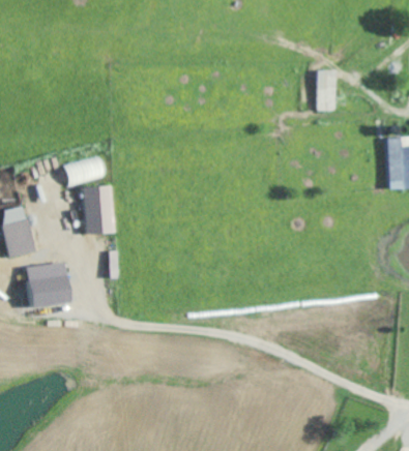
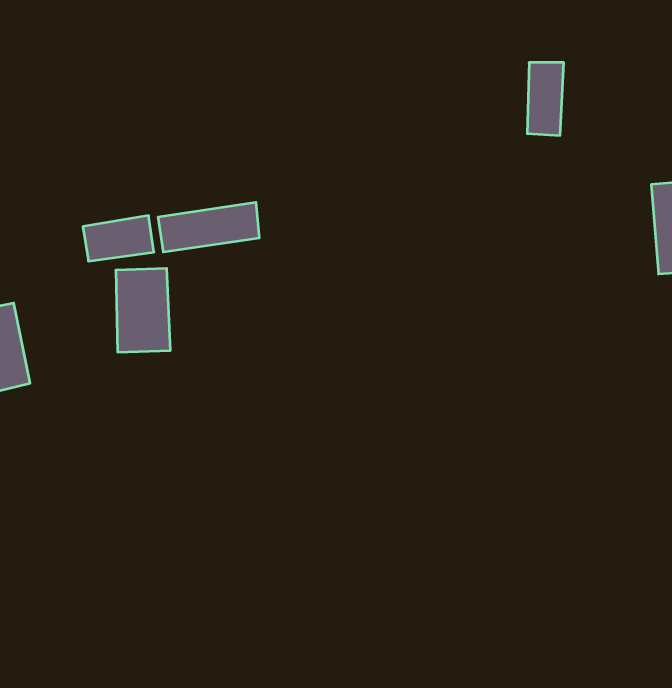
building: none -> [158,202,259,252]
building: [25,263,70,307] -> none

